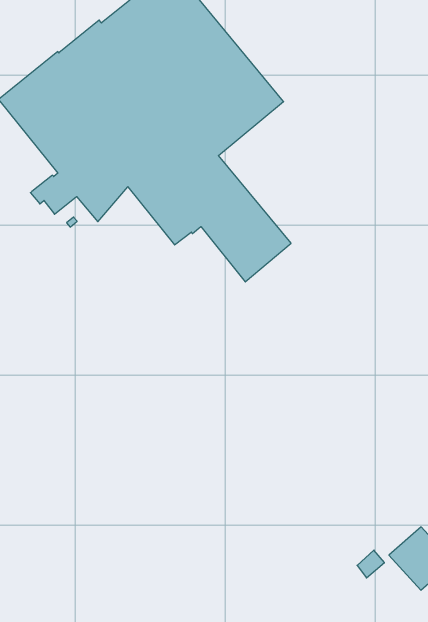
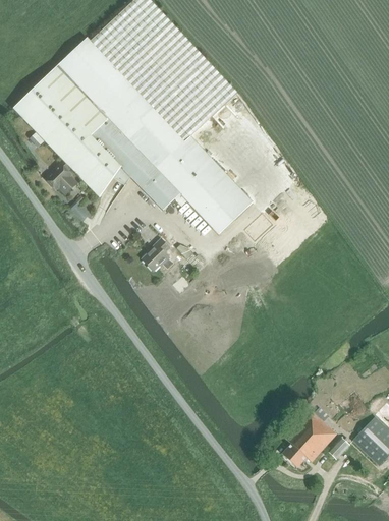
building: none -> [142,237,169,269]
building: none -> [280,406,335,466]

